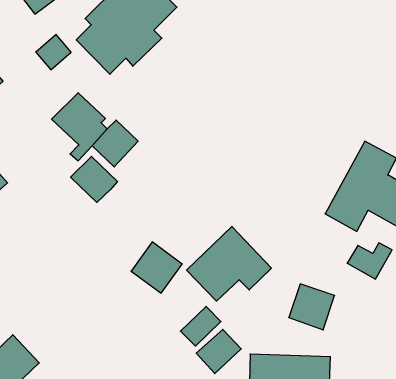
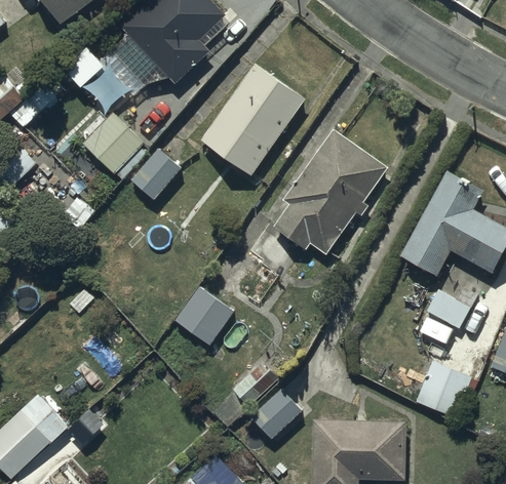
building: none -> [198,63,305,176]
building: none -> [271,129,388,254]
building: [71,156,118,202] -> none
building: [187,226,271,301] -> none
building: [289,284,335,330] -> [418,361,471,414]

